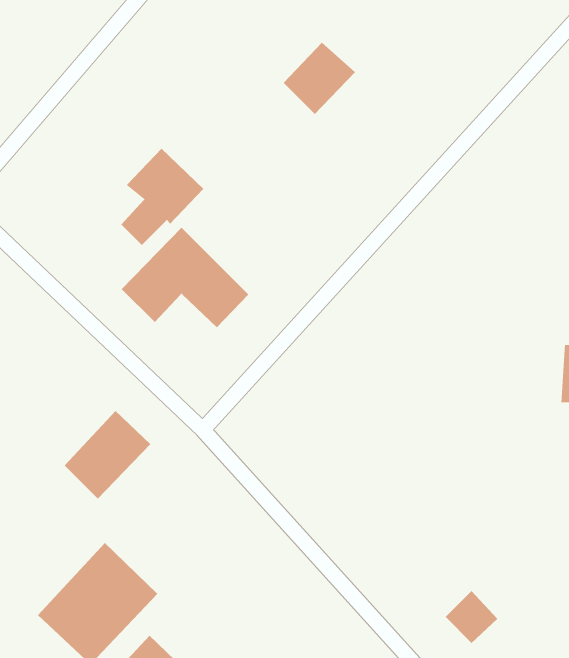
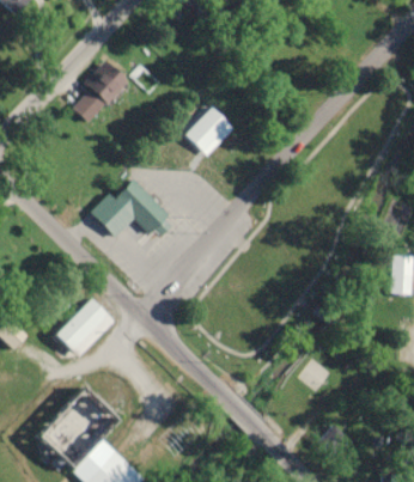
building: [283,42,356,115] -> [183,106,232,155]
building: [120,148,204,246] -> [73,53,129,118]

